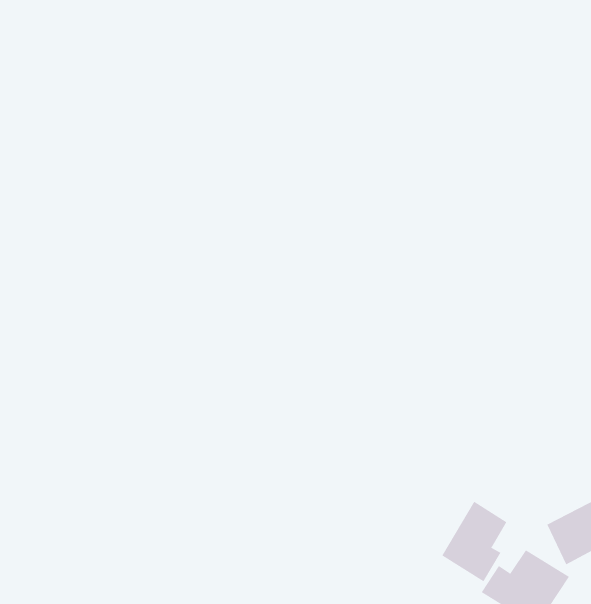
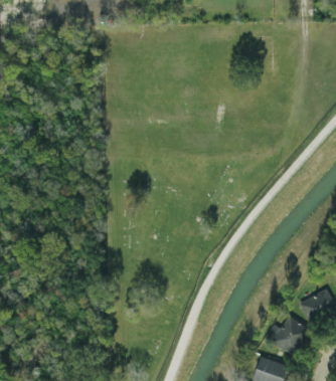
building: [441,501,507,582] -> none

